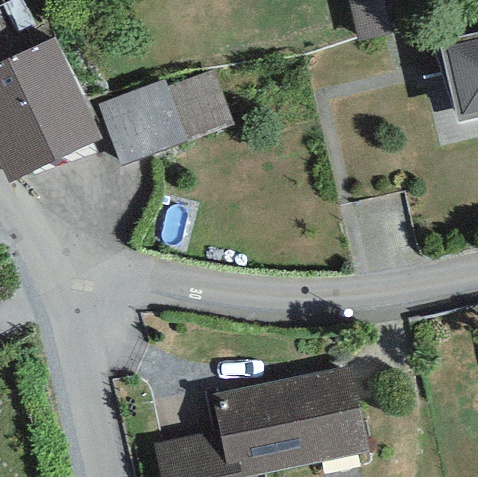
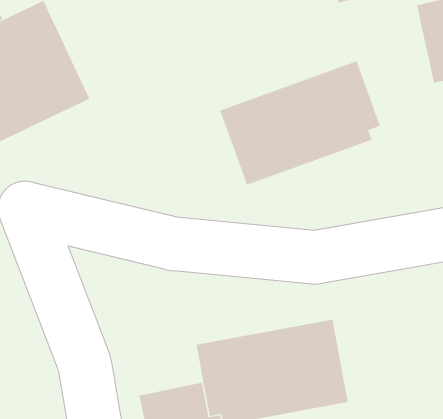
building: [98,70,234,170] -> none
building: none -> [220,60,380,186]

